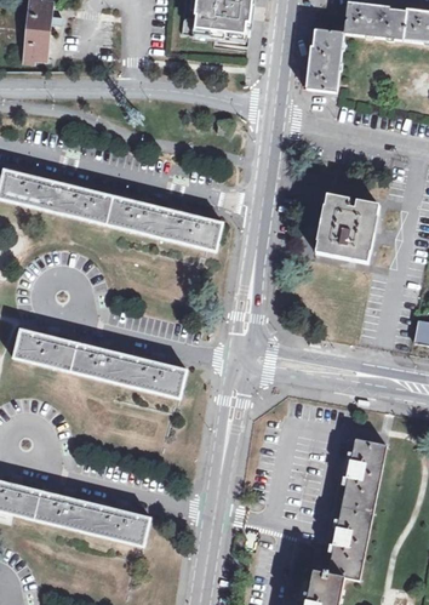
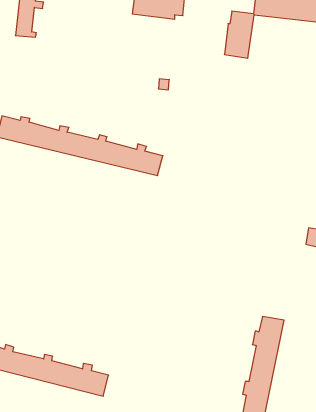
building: [315,195,378,262] -> none
building: [15,329,185,398] -> none

